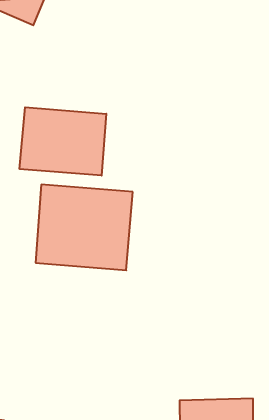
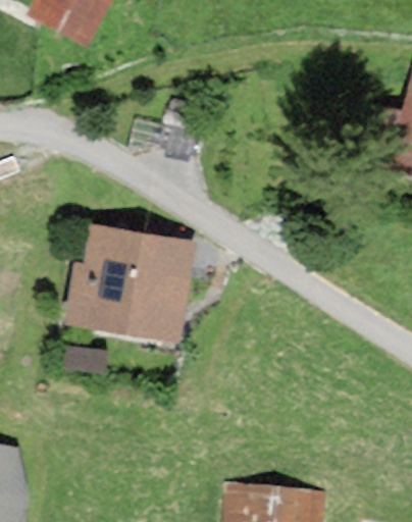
building: [20,107,106,176] -> none

